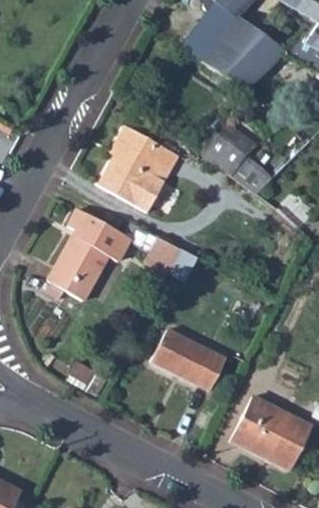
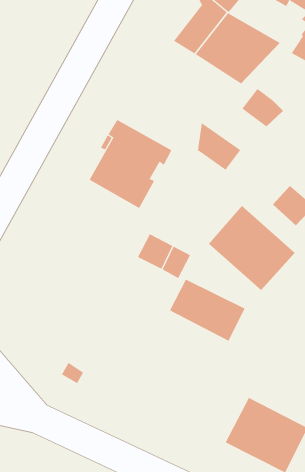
building: [232,155,273,193] -> [242,88,284,127]
building: [48,208,131,300] -> none
building: none -> [208,205,295,291]
building: [151,329,226,391] -> [169,279,245,341]

